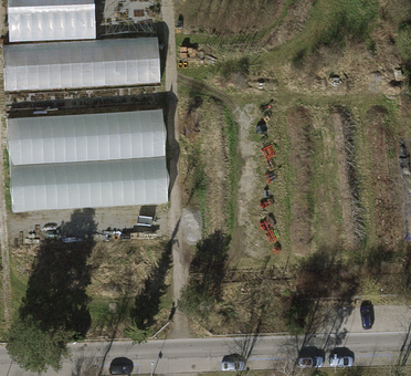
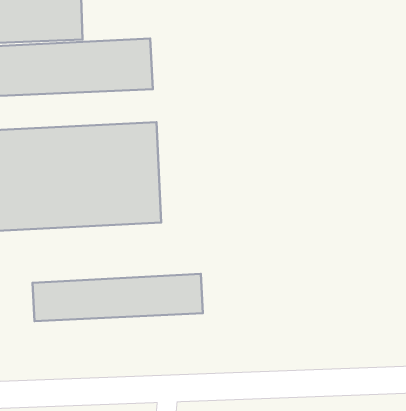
building: none -> [33,274,203,321]

